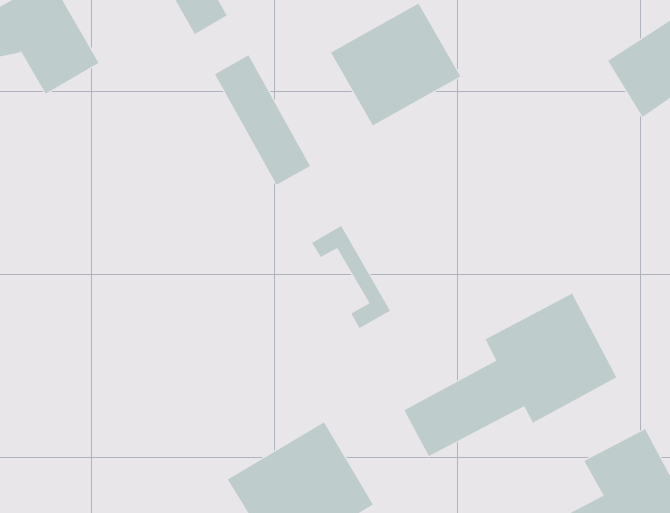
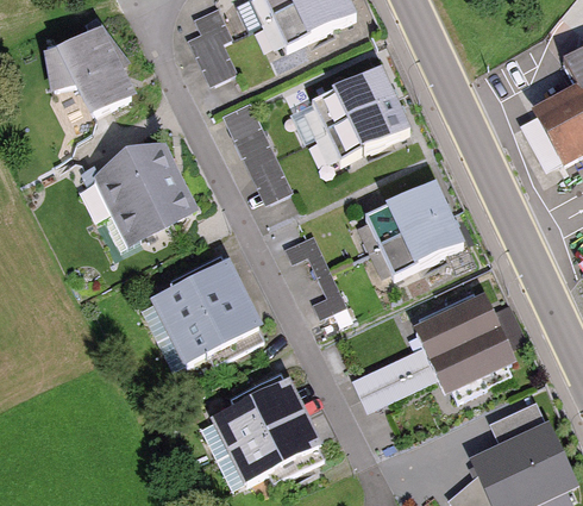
building: none -> [93,140,194,243]
building: none -> [363,180,464,275]
building: none -> [150,260,263,366]

